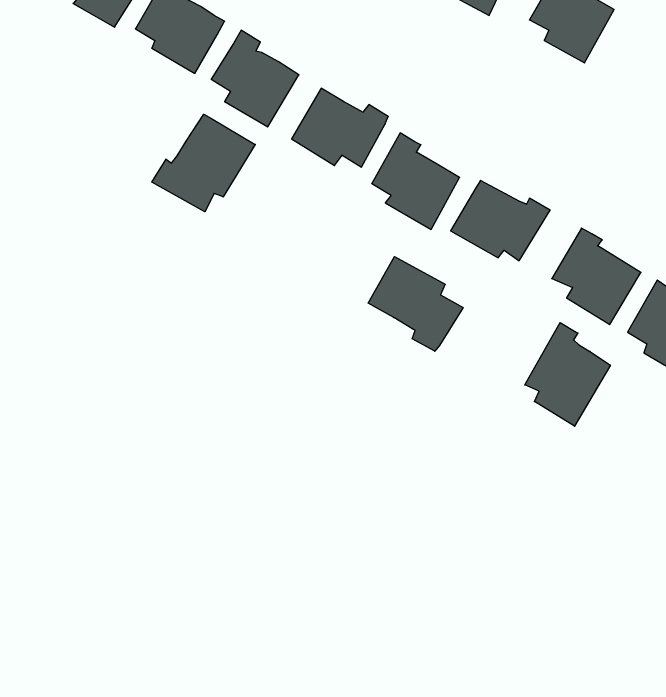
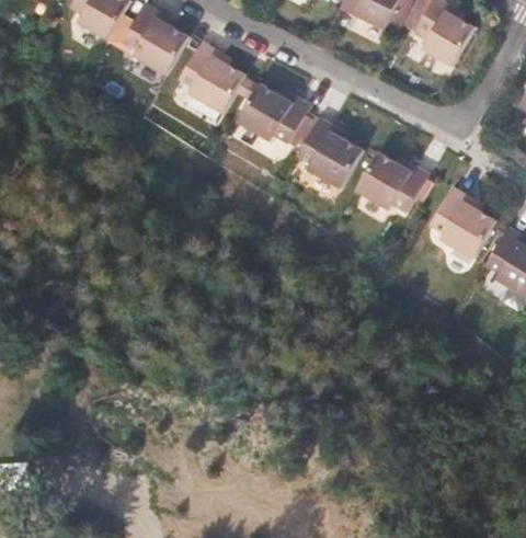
building: [152,114,255,212] -> none
building: [368,257,463,351] -> none
building: [525,323,610,426] -> none

